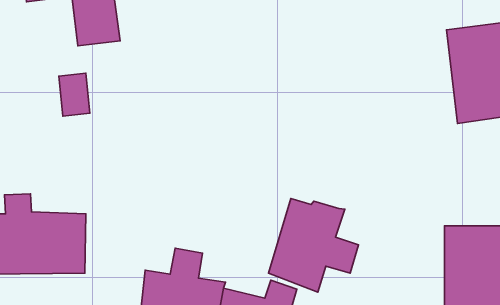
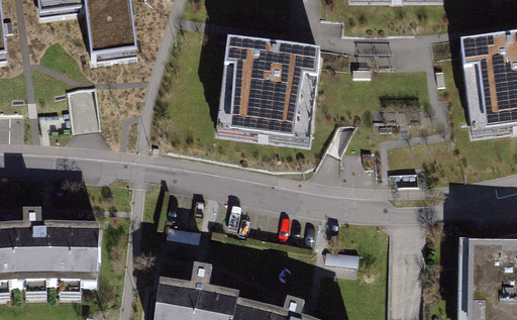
building: none -> [217,37,321,139]
building: [269,198,359,292] -> none

